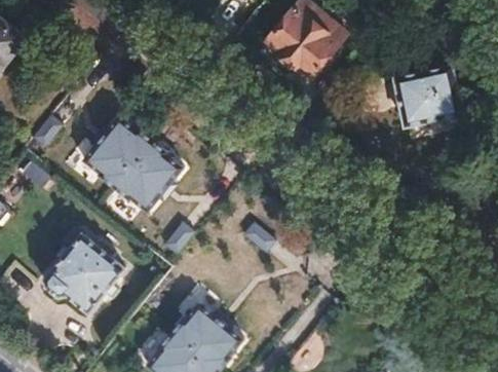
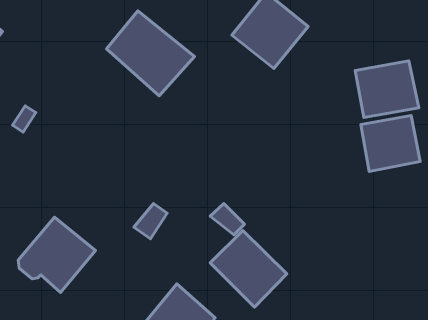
building: [92,119,185,209] -> [106,11,195,96]
building: none -> [361,116,420,171]
building: none -> [210,230,287,307]

